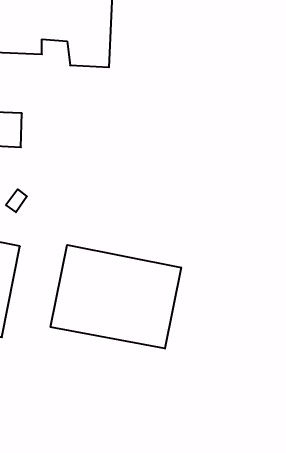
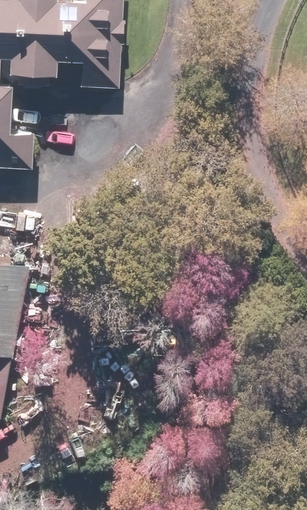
building: [51,245,181,349] -> none

